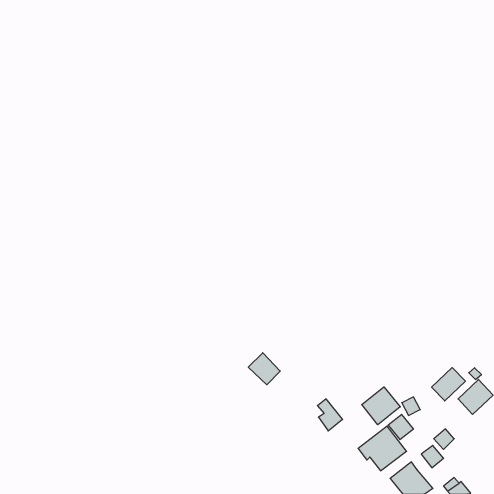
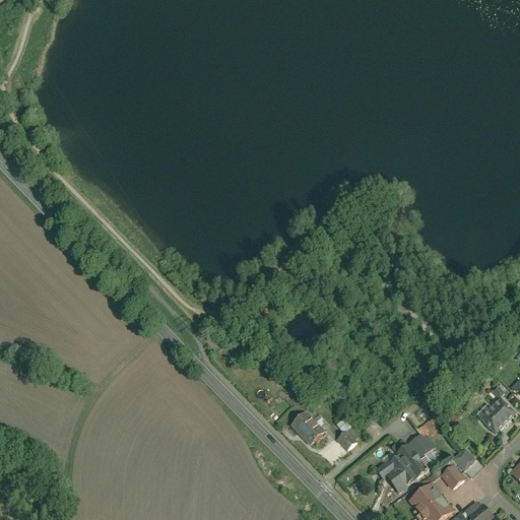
building: [248,353,280,385] -> [290,411,324,445]
building: [432,368,465,401] -> none
building: [362,387,400,425] -> none

